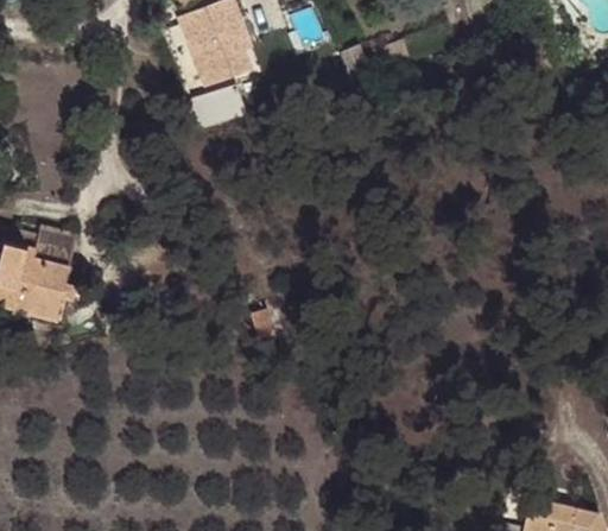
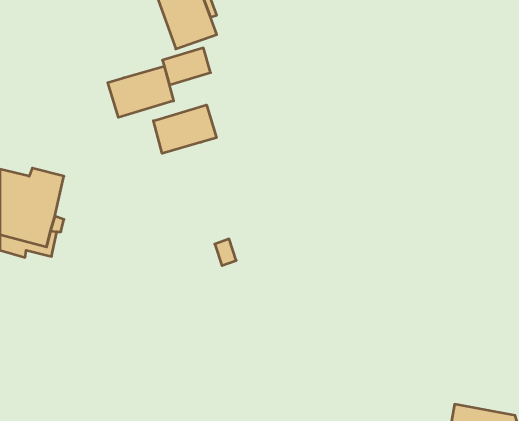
building: none -> [108,66,174,117]
building: none -> [153,105,216,153]

